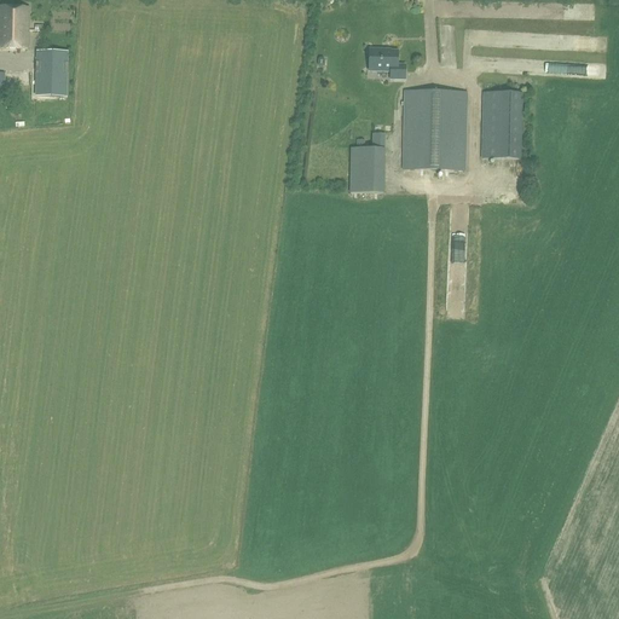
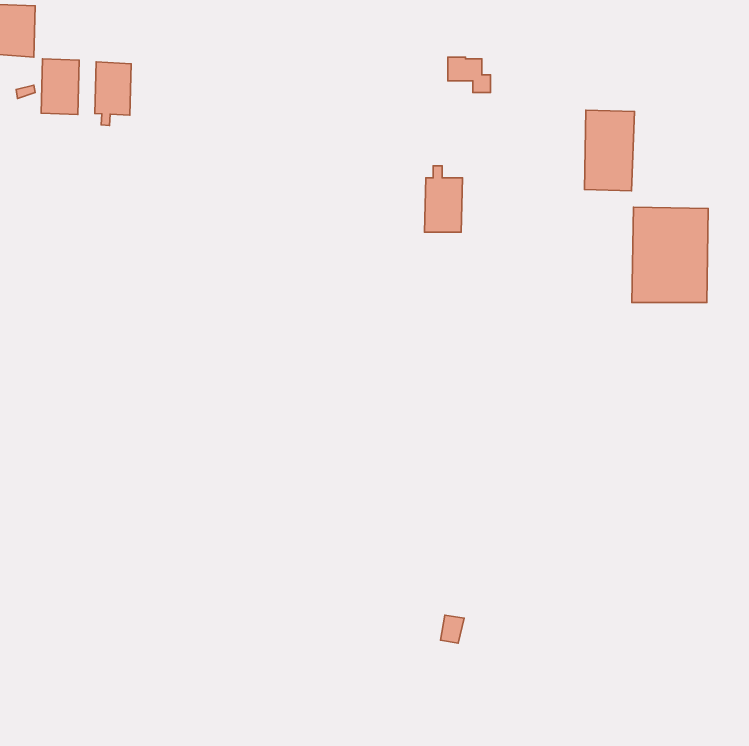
building: none -> [95,62,131,125]
building: [403,89,465,168] -> [632,207,708,302]

